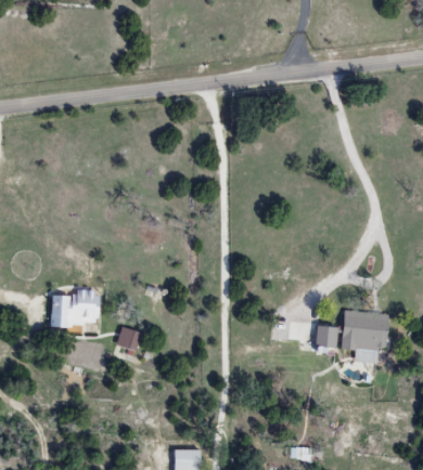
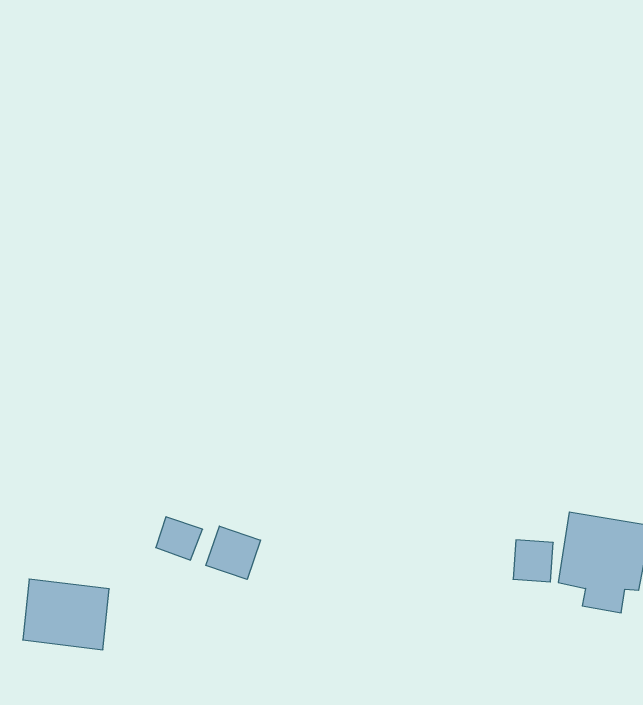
building: [54,291,100,327] -> [23,579,109,650]
building: none -> [206,526,261,579]

